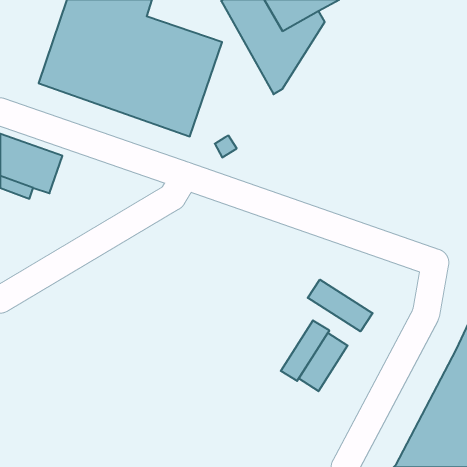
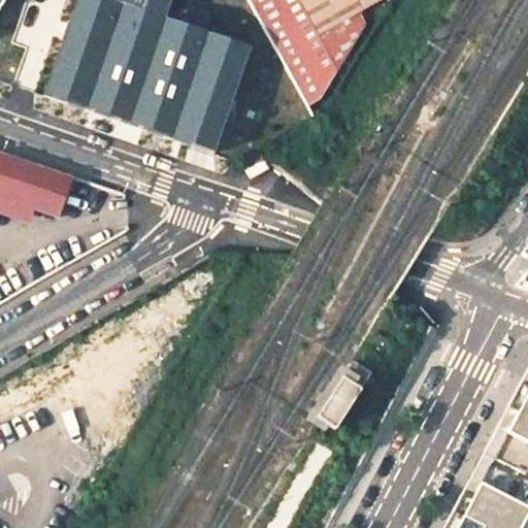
building: [308,280,373,331] -> none
building: [299,333,348,391] -> none

